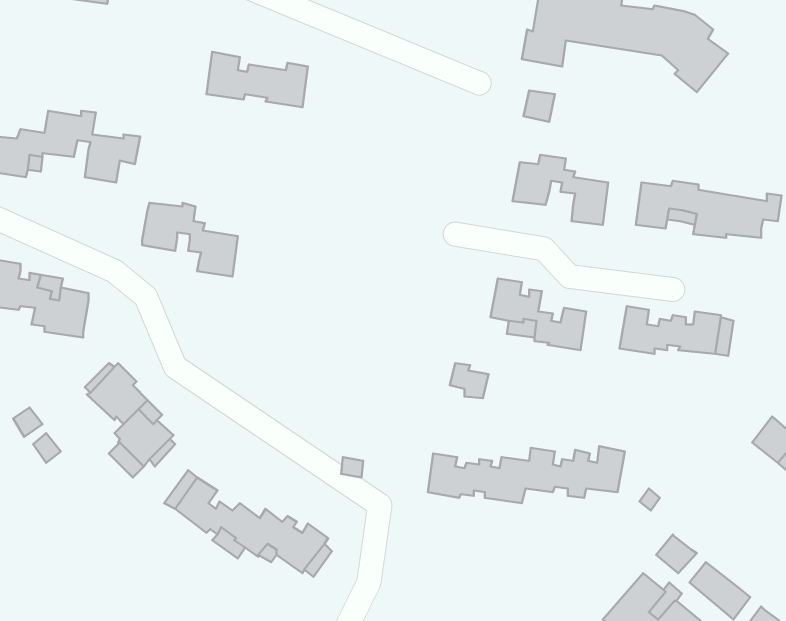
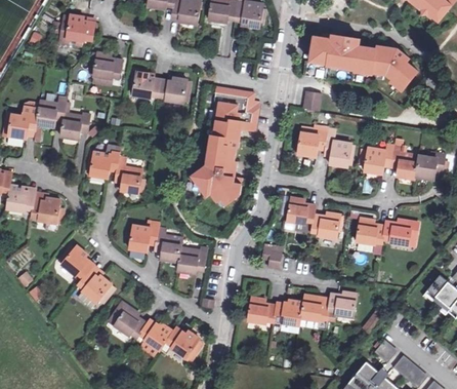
building: none -> [89,54,118,80]
building: none -> [191,88,258,205]
building: none -> [129,227,206,275]

